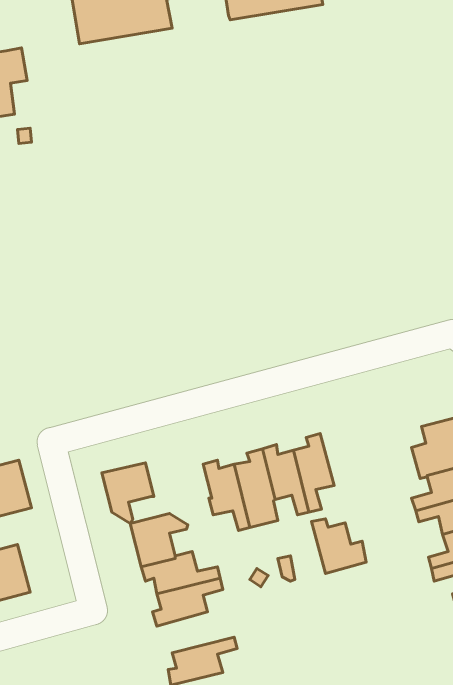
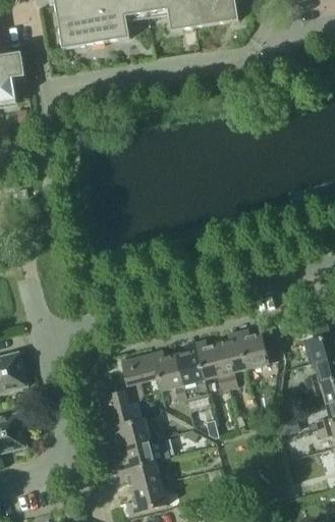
building: [102,463,154,523] -> [120,353,158,397]
building: [311,519,366,574] -> [236,328,276,368]
building: none -> [118,460,174,489]

